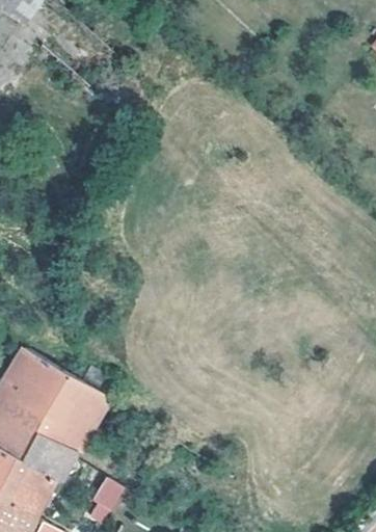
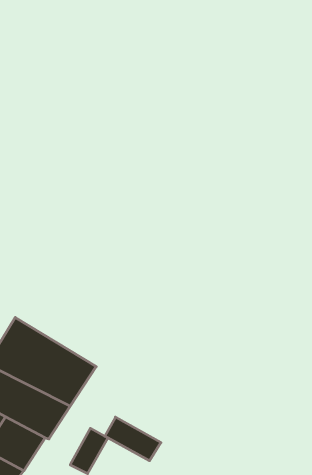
building: none -> [105,417,161,461]

